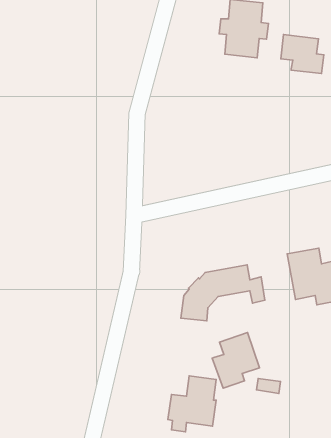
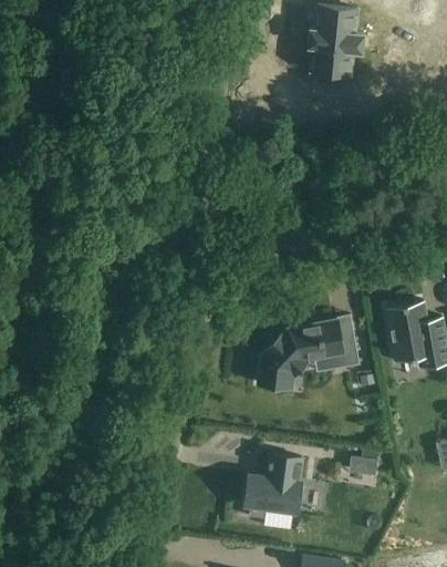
building: [281,35,324,73] -> none
building: [212,332,260,388] -> none

